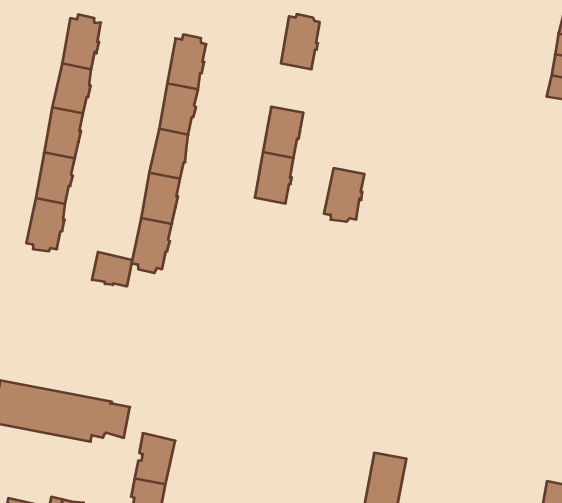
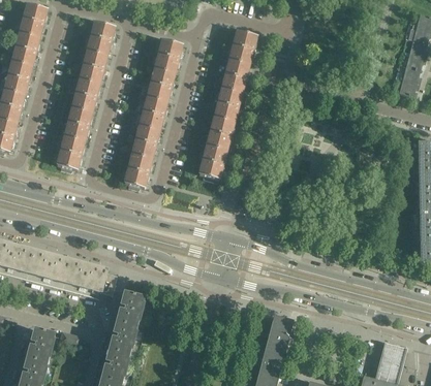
building: none -> [220,61,248,94]
building: [324,168,364,222] -> [197,147,225,182]
building: [92,252,132,286] -> none

